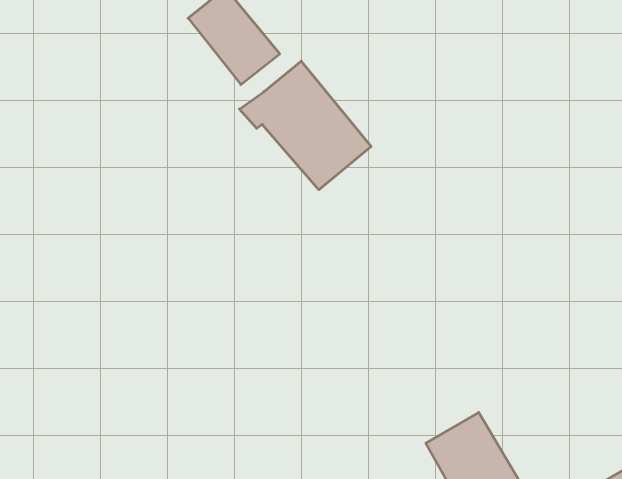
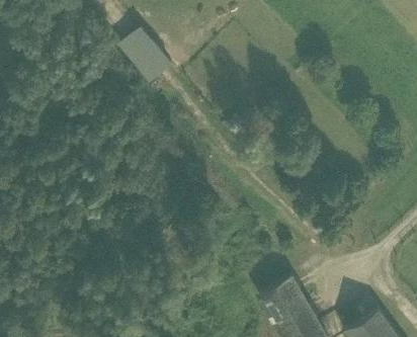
building: [239,61,371,190] -> none

